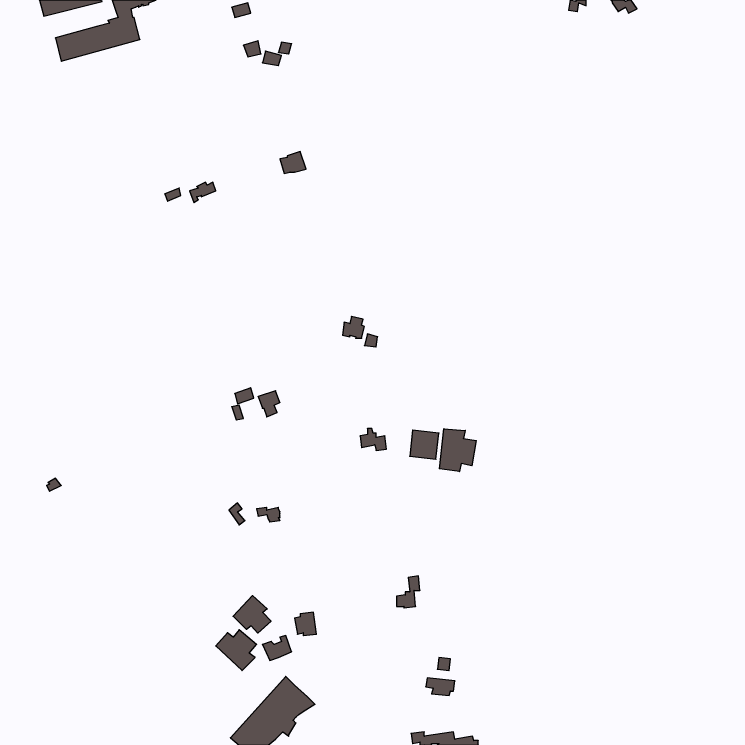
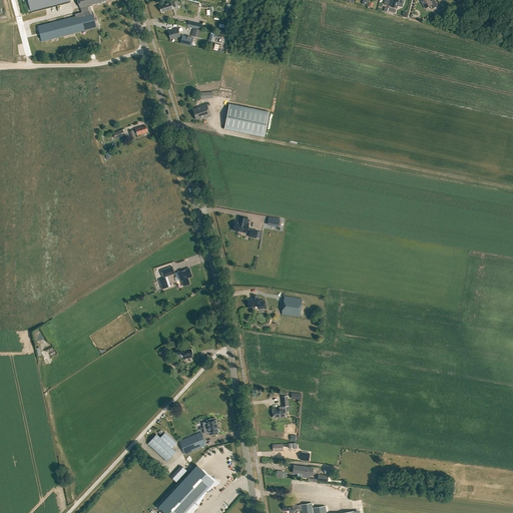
building: none -> [224,104,269,137]
building: [439,429,476,472] -> none
building: [233,596,271,633] -> none

